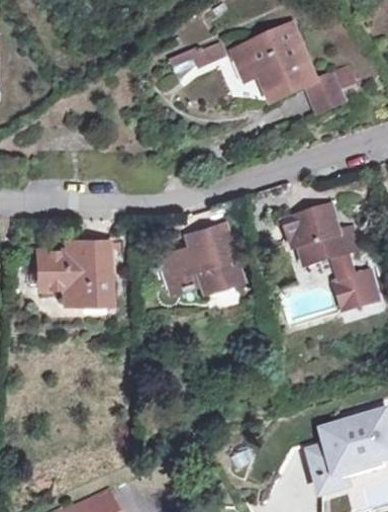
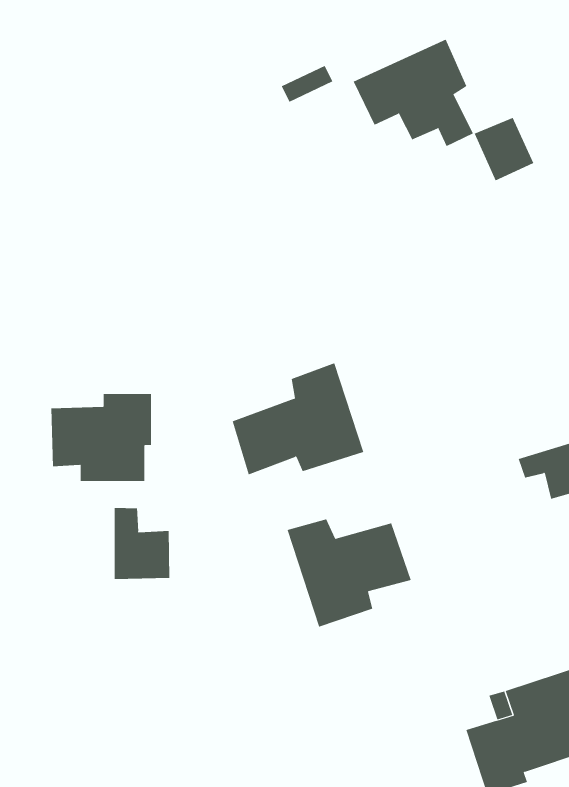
building: [285,209,358,267] -> none
building: none -> [114,507,170,580]
building: none -> [287,518,412,627]

